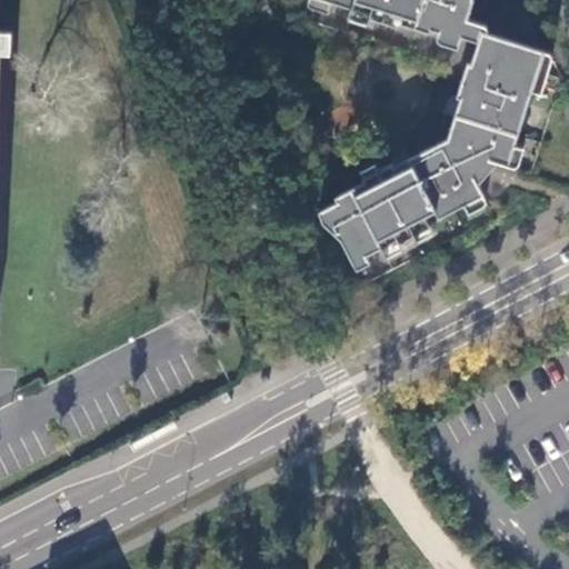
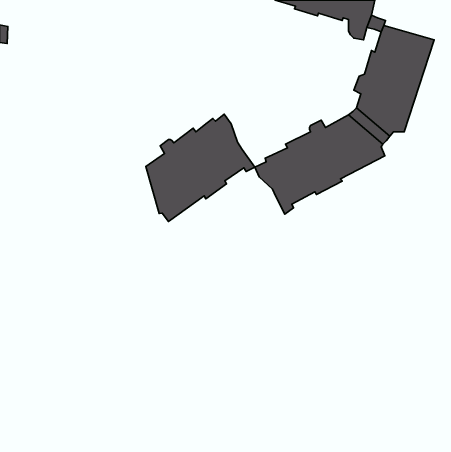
building: none -> [146,114,255,221]

